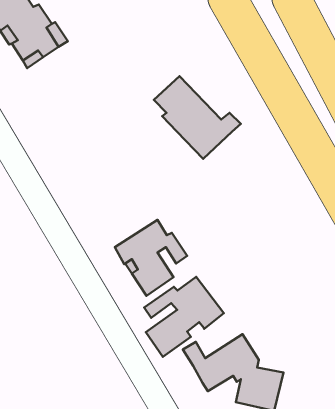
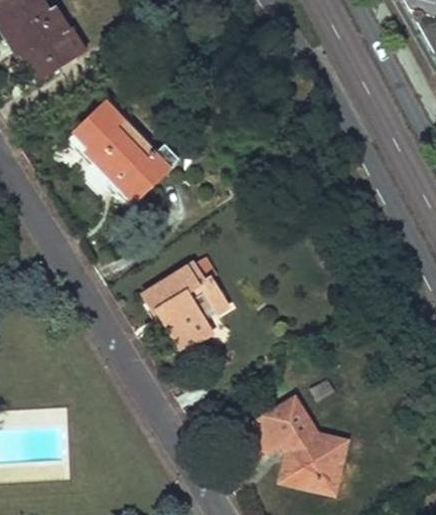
building: [154,76,241,159] -> [76,102,178,199]
building: [144,277,224,357] -> none

